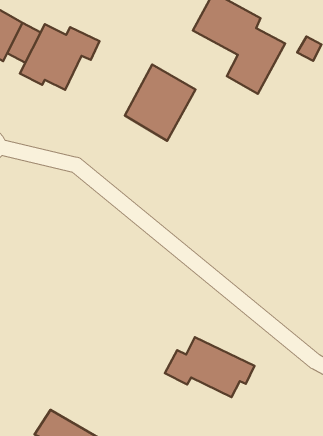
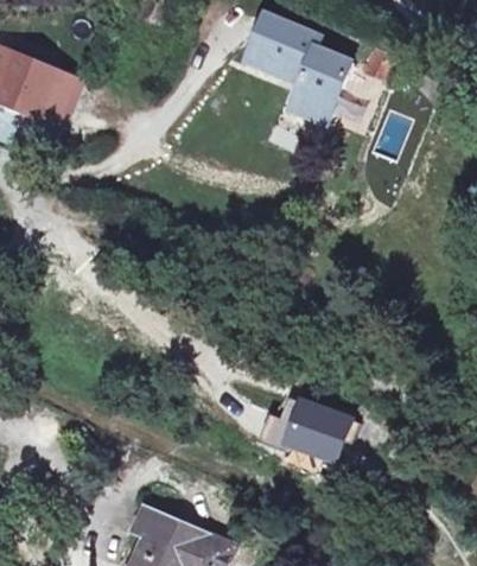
building: [20,24,100,90] -> none
building: [125,65,195,141] -> none

